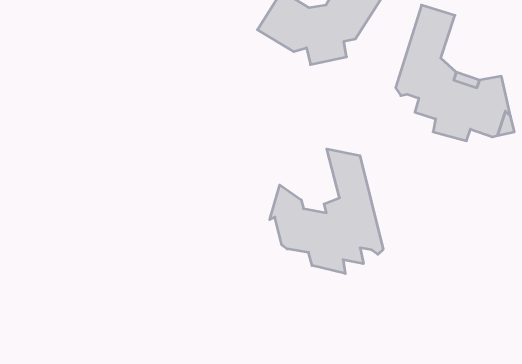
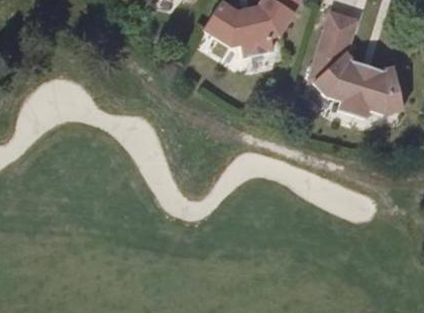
building: [270,149,383,274] -> none

